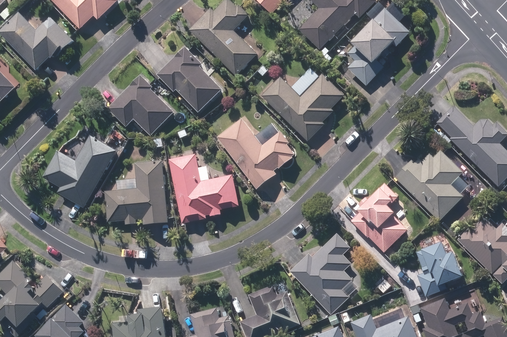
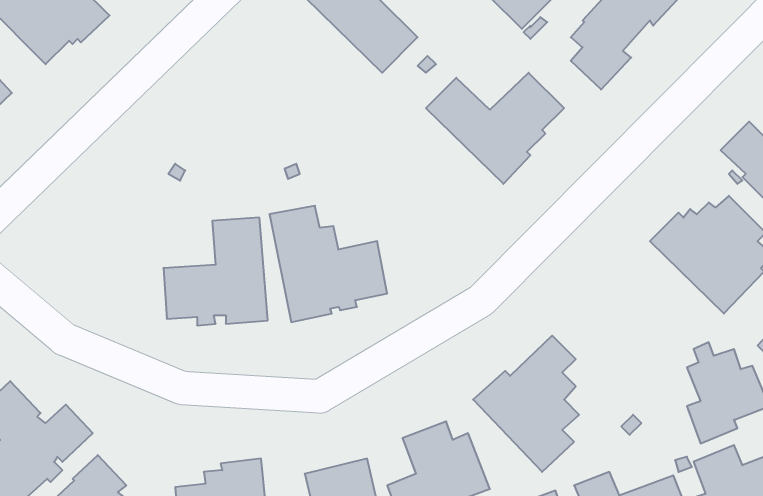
building: [156,49,221,114] -> none
building: [107,76,173,136] -> none
building: [216,119,294,190] -> none
building: [41,136,116,209] -> none
building: [351,183,406,251] -> none

